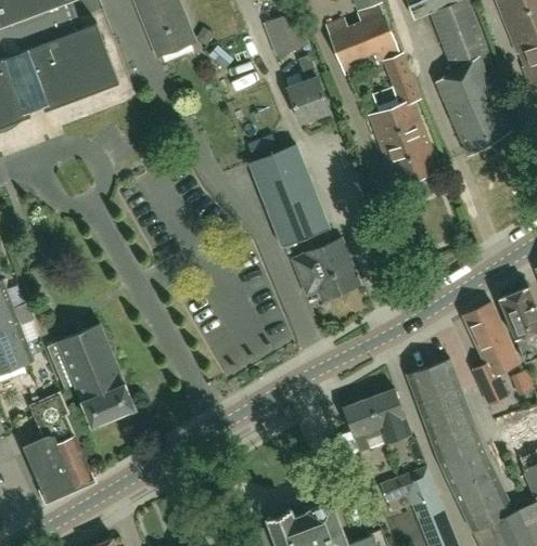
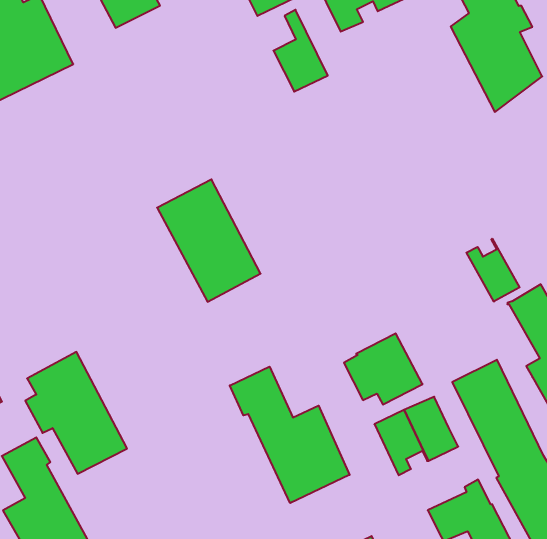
building: [369,75,438,185] -> none
building: [247,145,329,247] -> [157,179,261,302]
building: [294,239,358,298] -> [344,333,423,405]
building: none -> [466,239,520,302]
building: none -> [230,367,350,503]

